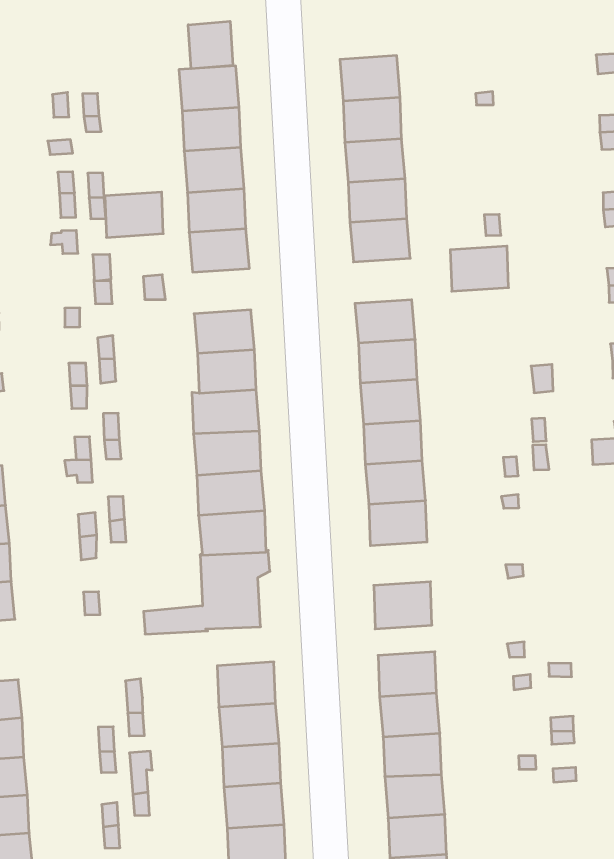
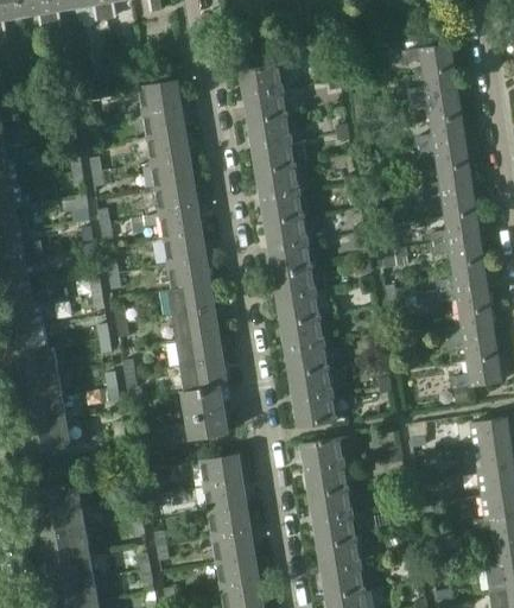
building: [188,21,233,69] -> none
building: [105,192,163,237] -> [163,208,202,240]
building: [450,246,509,291] -> [264,191,303,223]
building: none -> [292,369,332,400]

